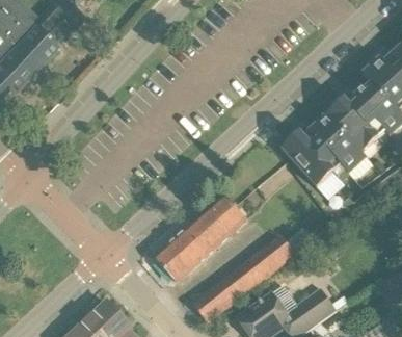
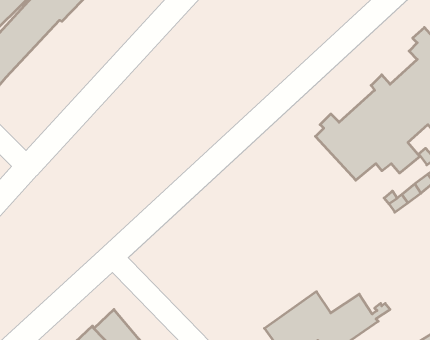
building: [158,193,246,281] -> none
building: [192,221,318,321] -> none

